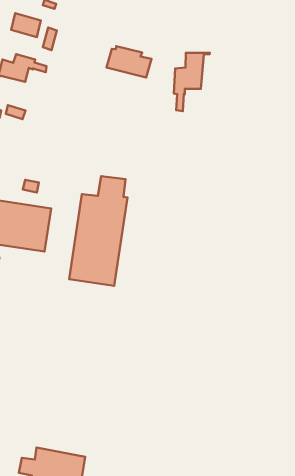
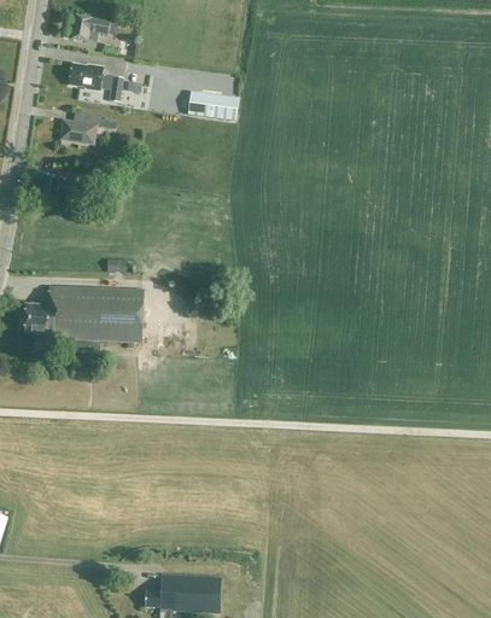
building: [174,53,210,111] -> none
building: [69,176,128,286] -> none

